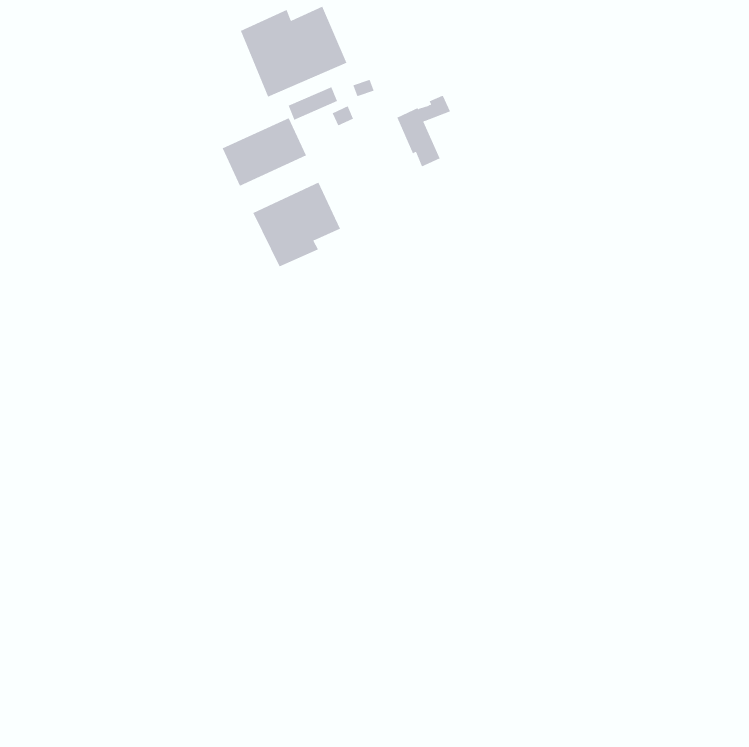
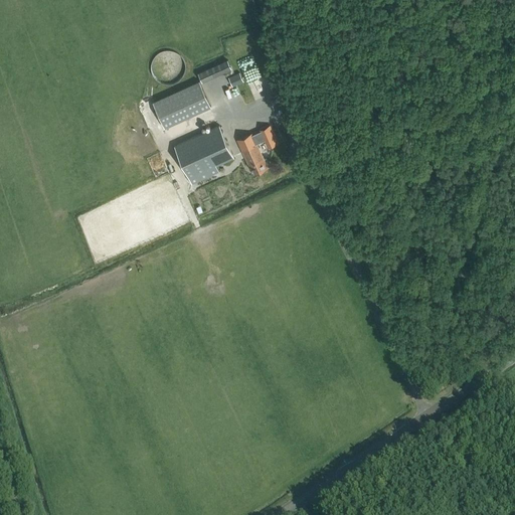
building: [240,6,347,97] -> none
building: [396,95,451,167] -> [236,127,274,176]

